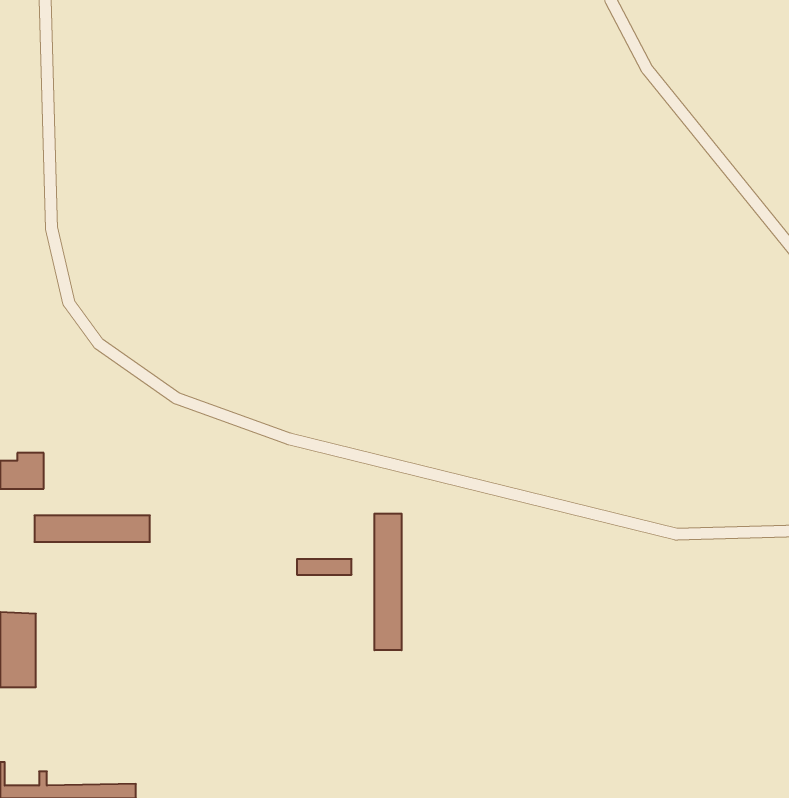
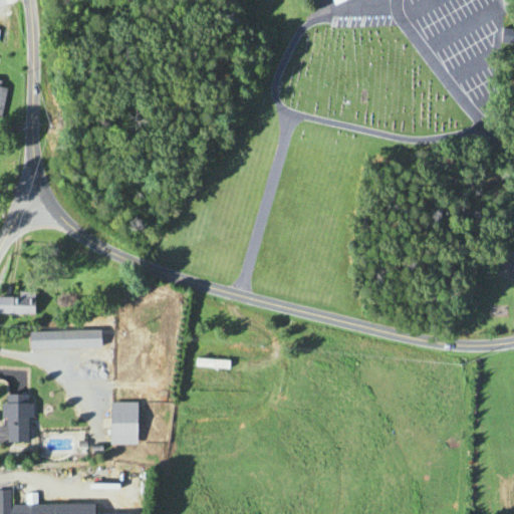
building: [374,514,402,650] -> none
building: none -> [111,403,139,444]

